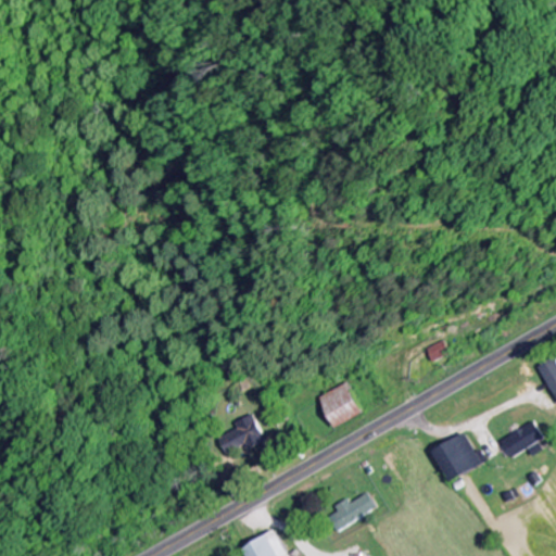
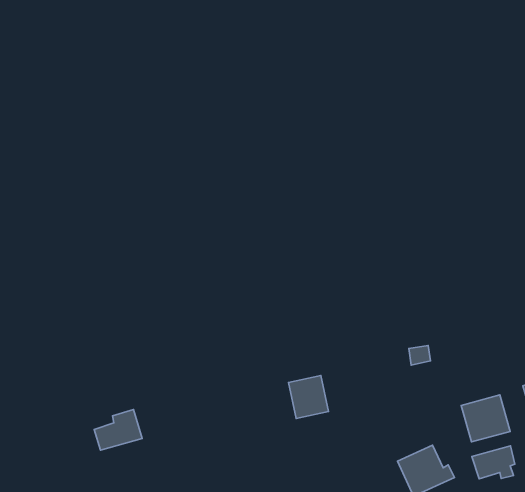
building: none -> [461,395,510,442]
building: [220,413,266,455] -> [94,409,142,450]

